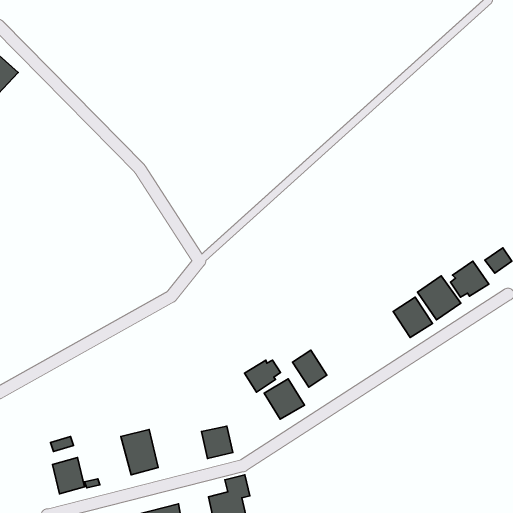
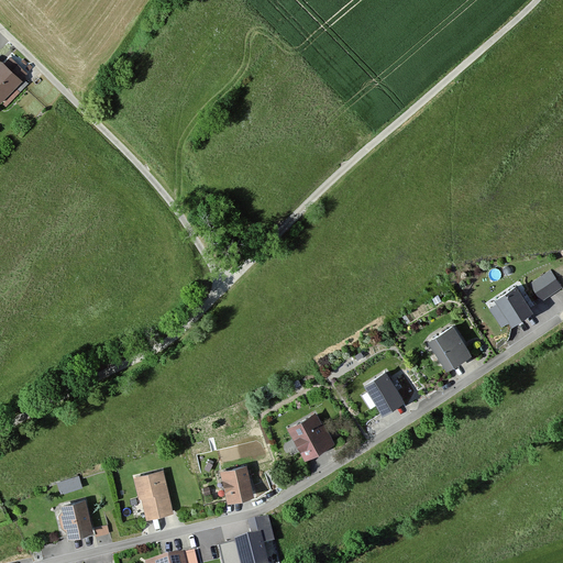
building: [418,276,461,320] -> none
building: [293,350,327,387] -> [367,374,405,415]
building: [245,360,280,392] -> none

